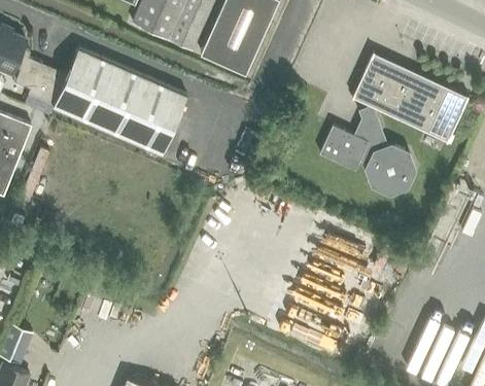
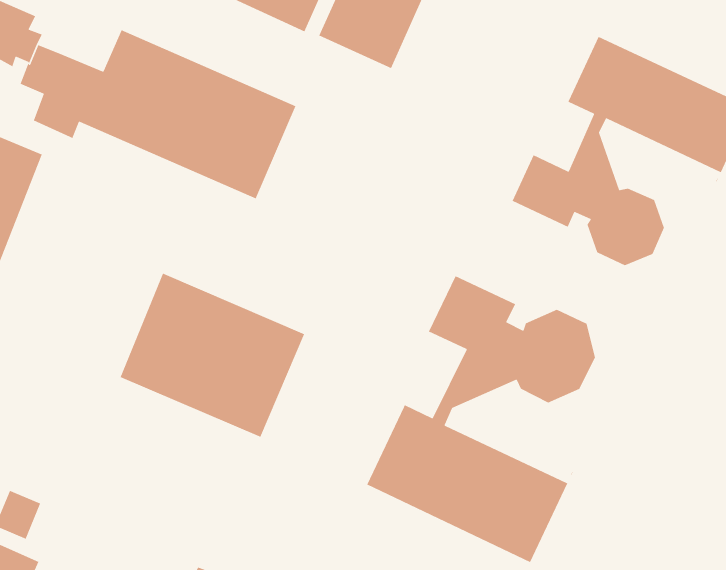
building: none -> [119,272,305,438]
building: none -> [366,275,596,563]

